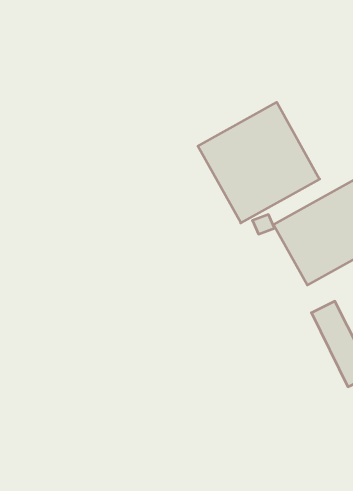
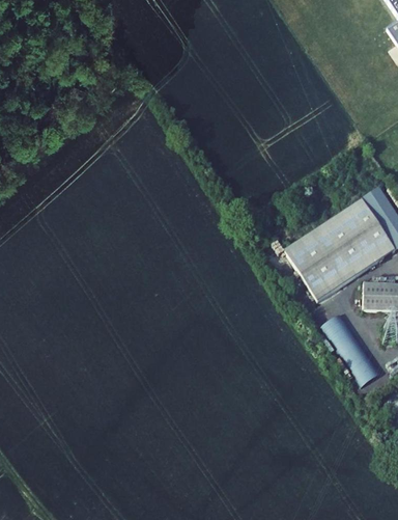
building: [198,102,320,223] -> none

